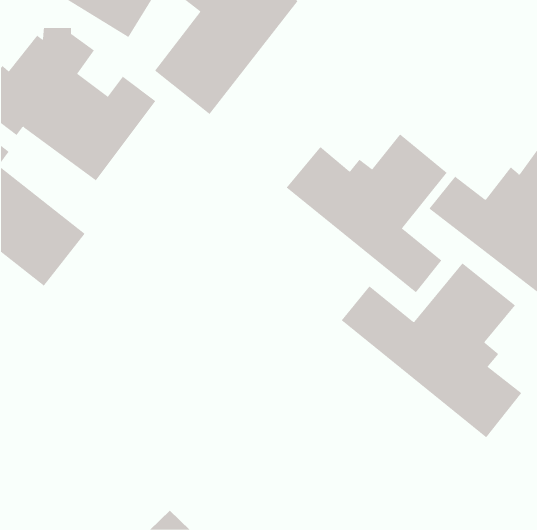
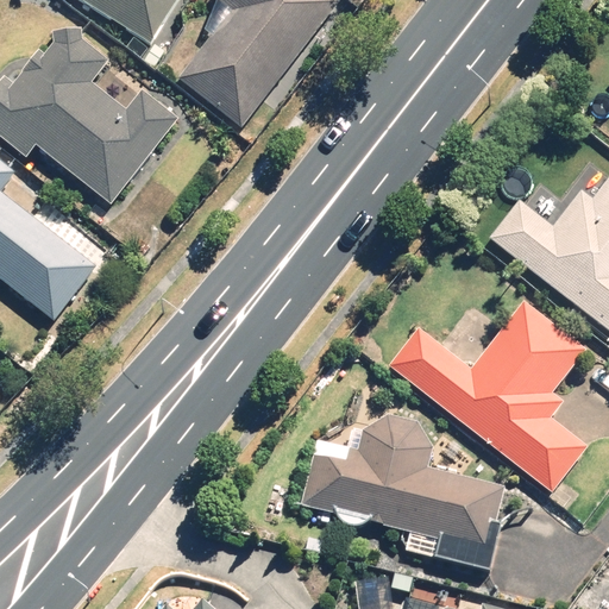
building: [286,133,448,293] -> none
building: none -> [300,412,503,572]

